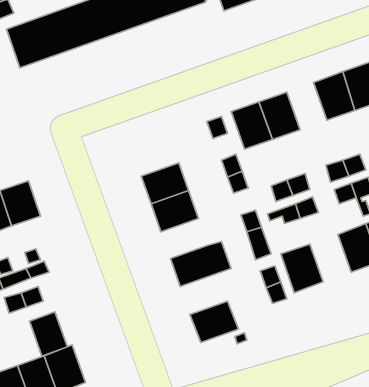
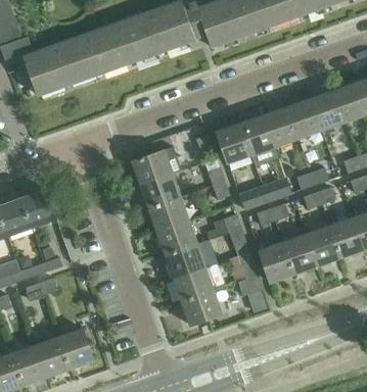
building: none -> [263,106,296,146]
building: none -> [132,150,172,185]
building: none -> [156,220,196,254]
building: none -> [282,234,317,274]
building: none -> [173,262,224,301]
building: [30,312,67,356] -> none

